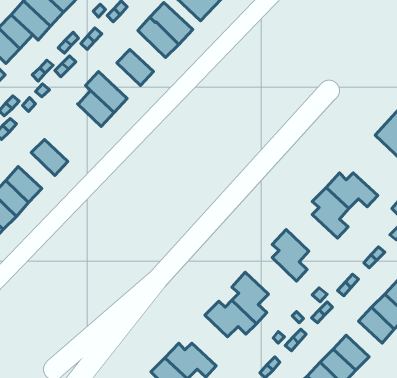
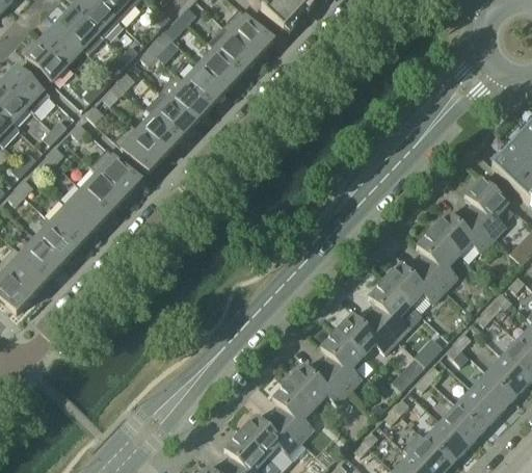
building: none -> [198,48,241,90]
building: none -> [161,75,211,123]
building: none -> [114,123,164,173]
building: none -> [90,148,141,198]
building: none -> [463,177,508,238]
building: none -> [65,187,109,230]
building: none -> [384,261,446,305]
building: none -> [336,312,397,356]
building: none -> [272,380,315,441]
building: none -> [456,388,499,430]

